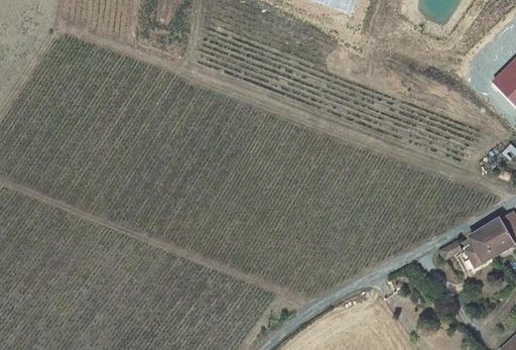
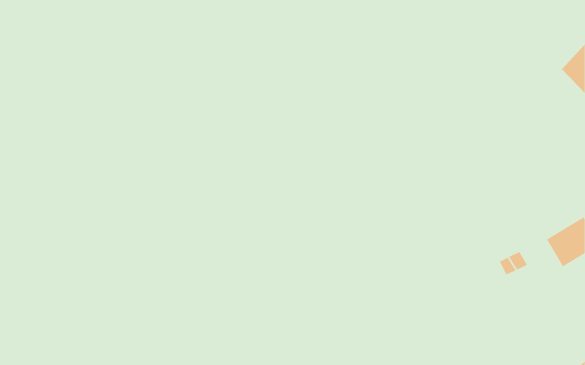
building: [466,231,495,267] -> none

